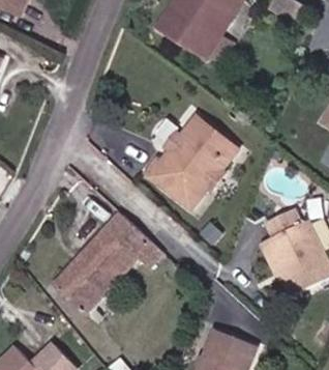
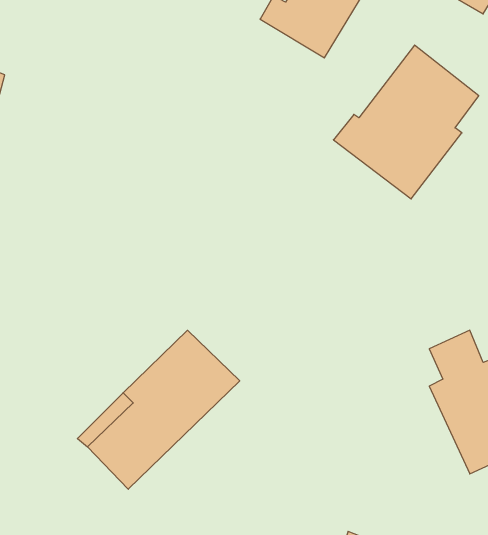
building: [147,117,236,211] -> [333,45,479,199]

